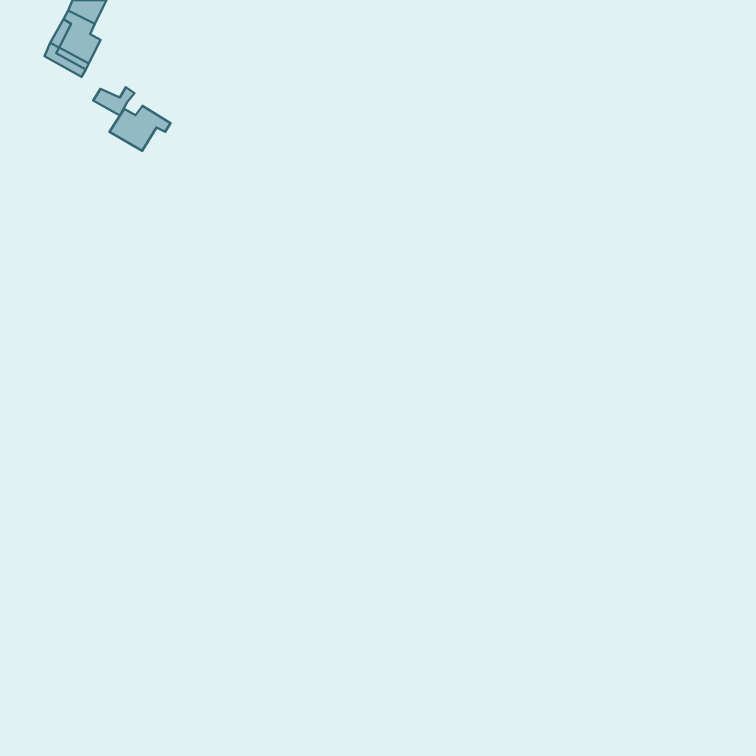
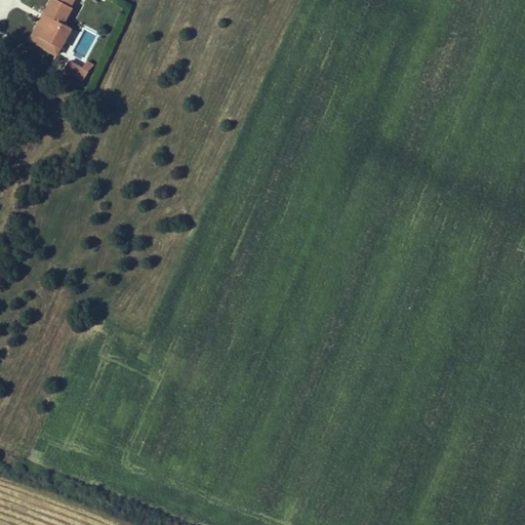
building: [109,106,171,151] -> none

